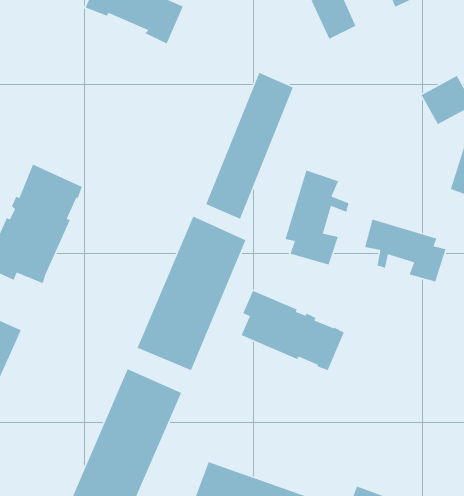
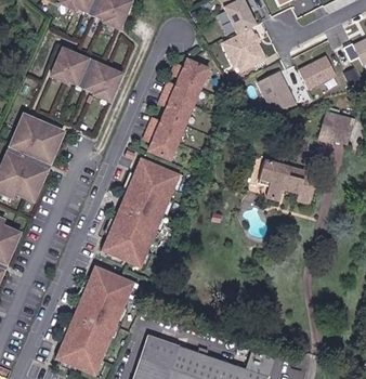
building: none -> [221,27,266,73]
building: none -> [51,54,122,108]
building: none -> [257,69,297,115]
building: [285,169,350,265] -> none
building: [240,290,345,371] -> none

